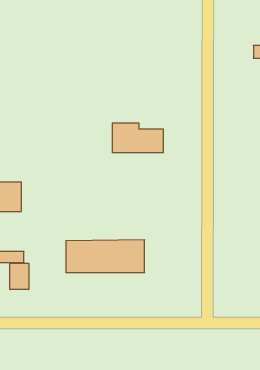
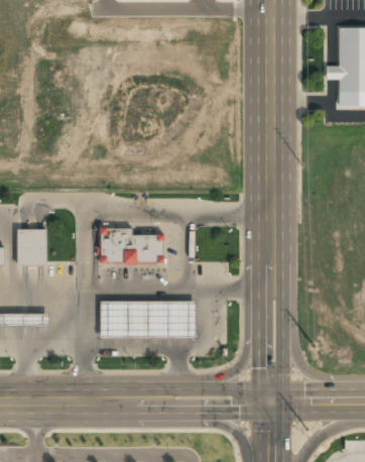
building: [112,123,163,153] -> [100,226,161,261]
building: [10,263,29,290] -> none

